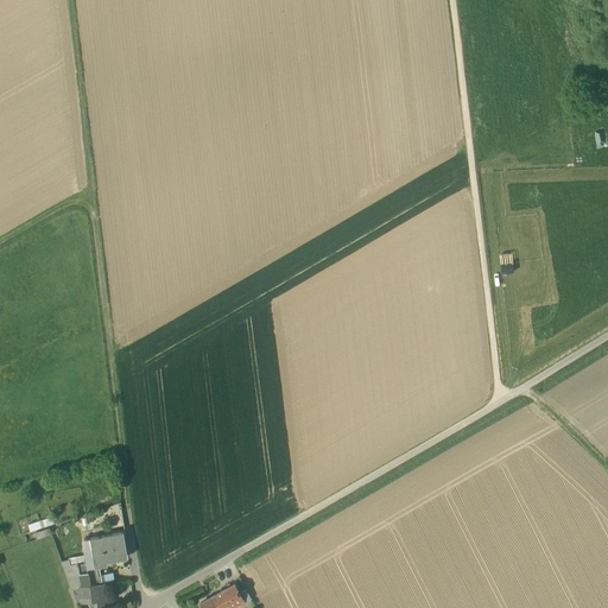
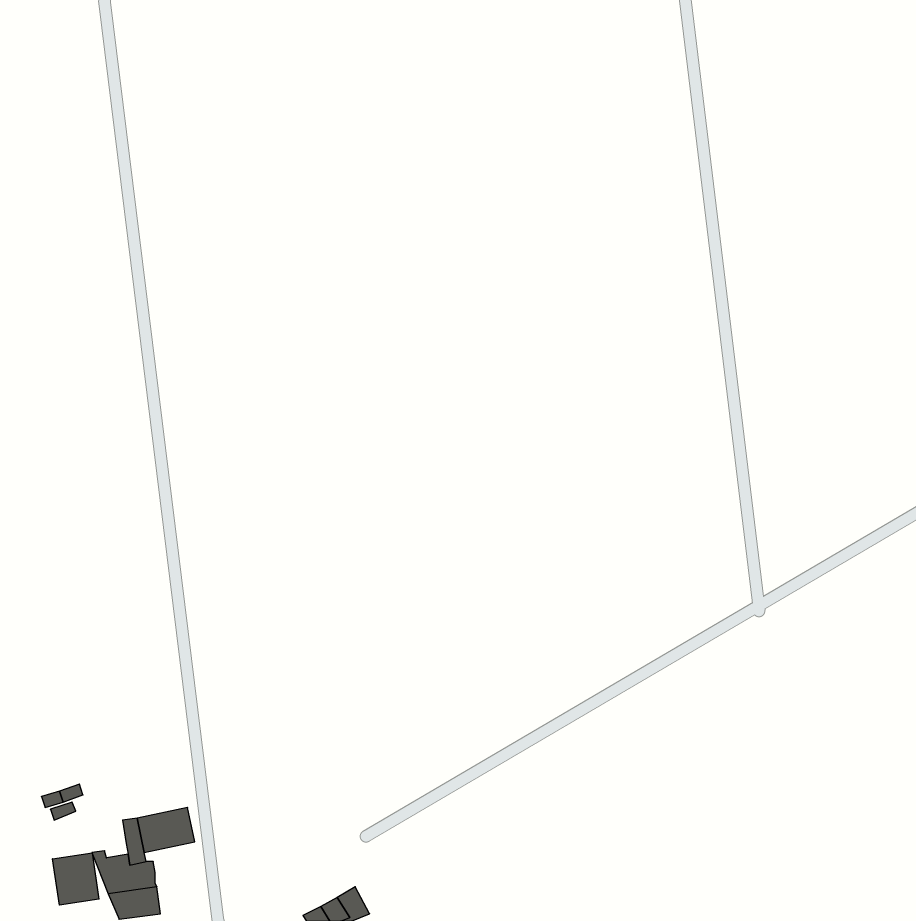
building: none -> [53,853,99,905]

